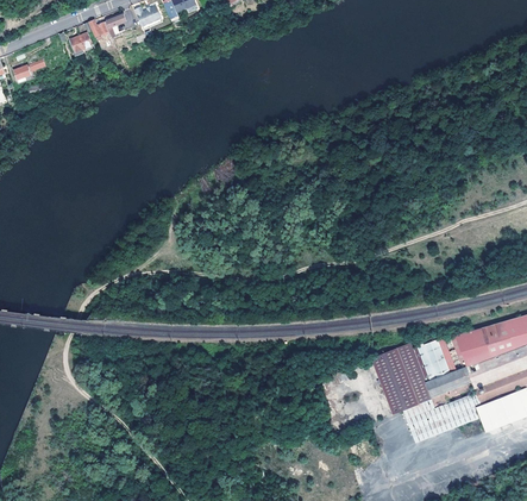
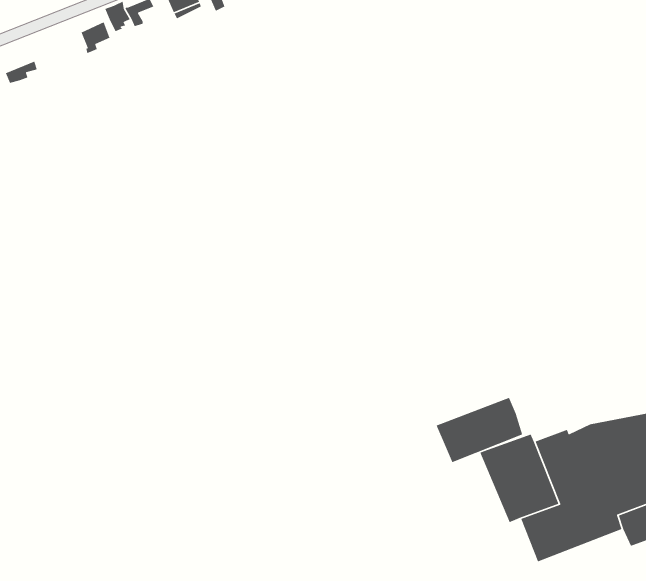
building: none -> [435,397,523,463]

